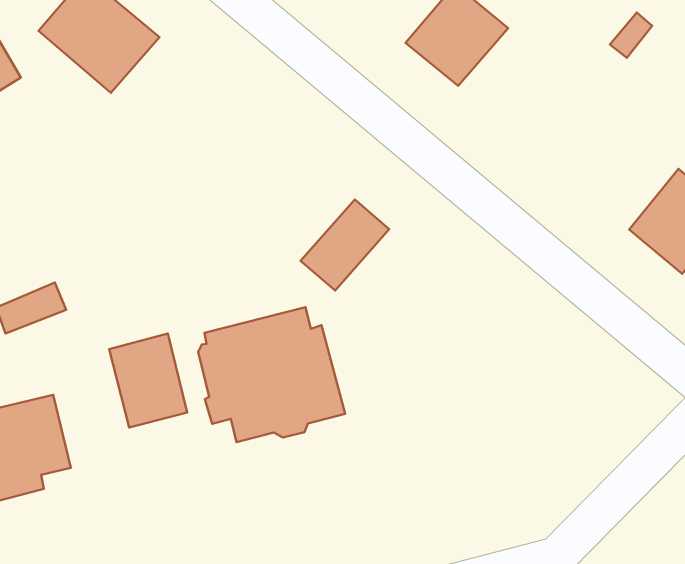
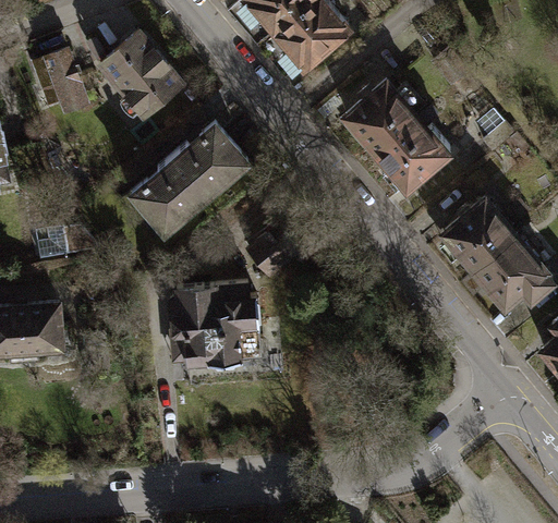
building: none -> [374,118,448,187]
building: none -> [130,123,244,230]
building: none -> [441,196,512,267]
building: [109,333,187,427] -> none

